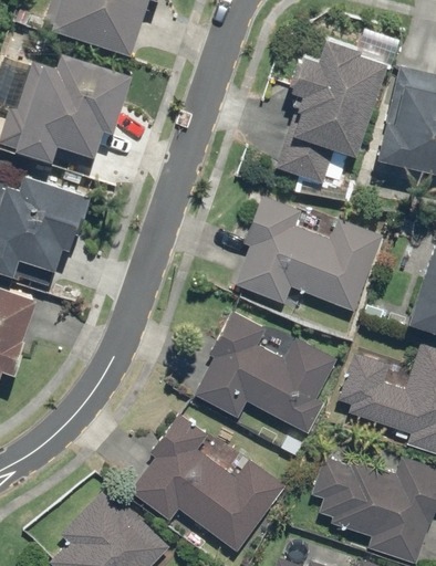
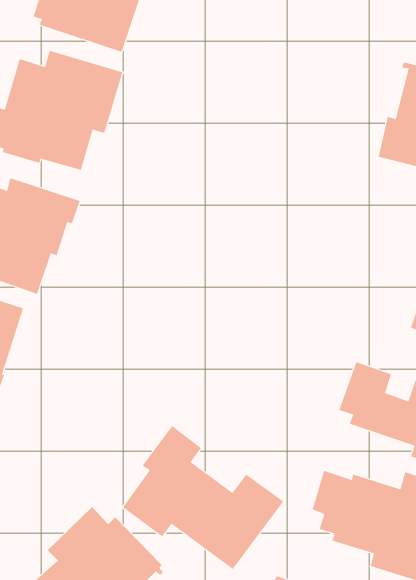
building: [276,36,385,181] -> none
building: [235,196,383,312] -> none
building: [194,312,338,434] -> none

